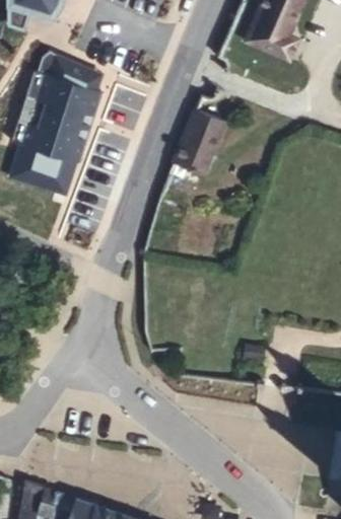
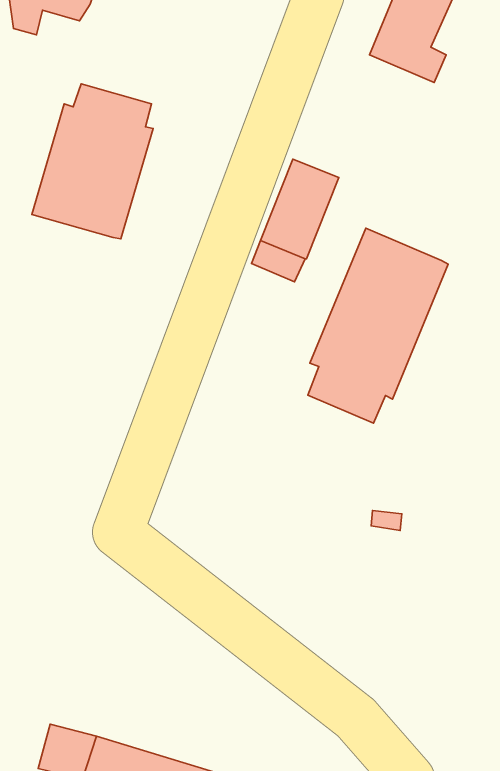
building: [9,147,75,183] -> none
building: none -> [308,228,448,423]

